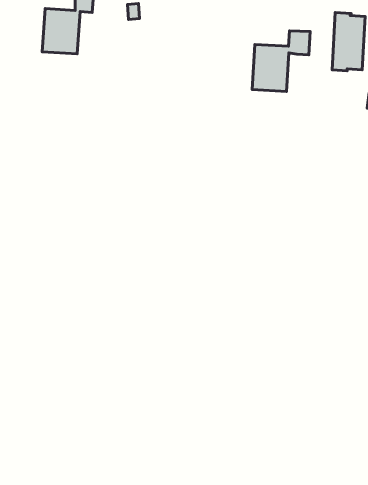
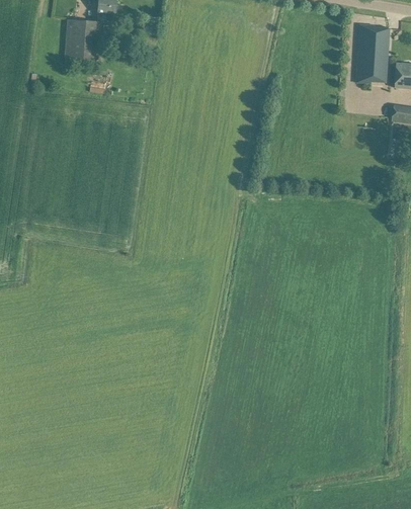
building: [252,31,310,91] -> none

